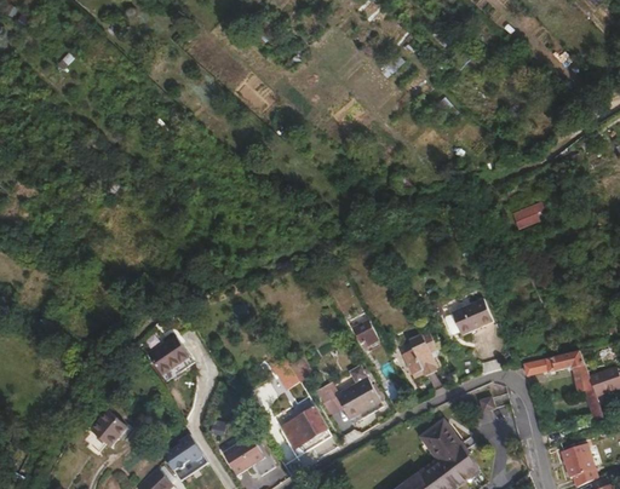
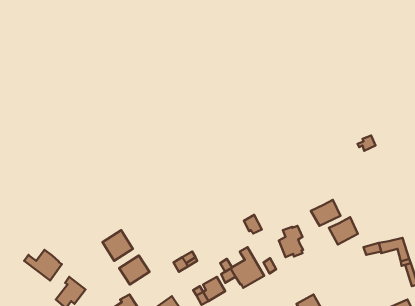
building: none -> [329,217,358,244]
building: none -> [24,250,62,281]
building: none -> [119,256,149,284]

